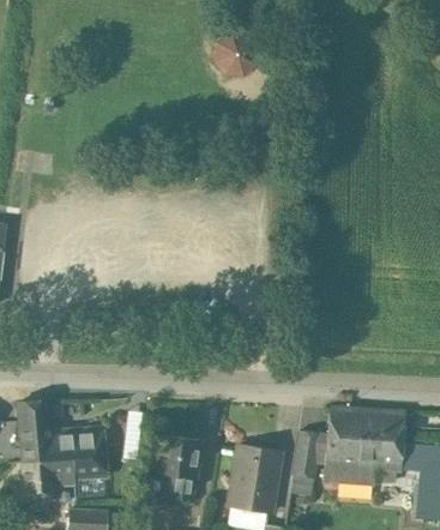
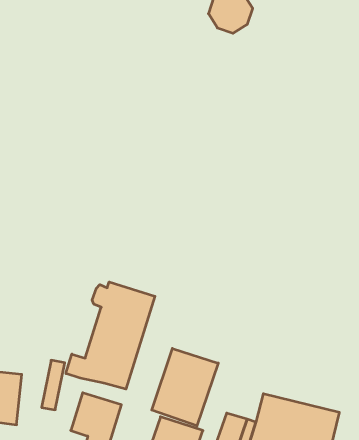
building: none -> [66,282,155,389]
building: none -> [152,348,218,426]

